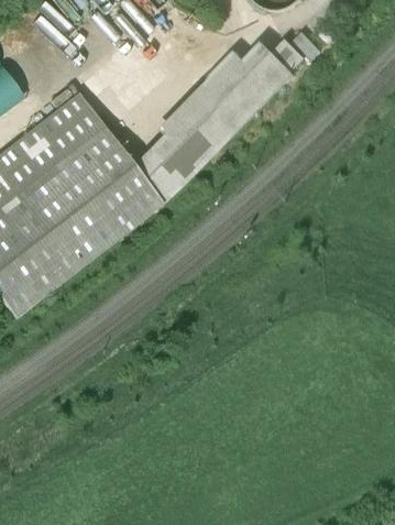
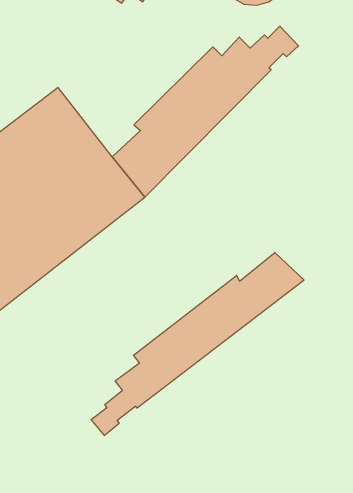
building: none -> [91,252,304,436]

